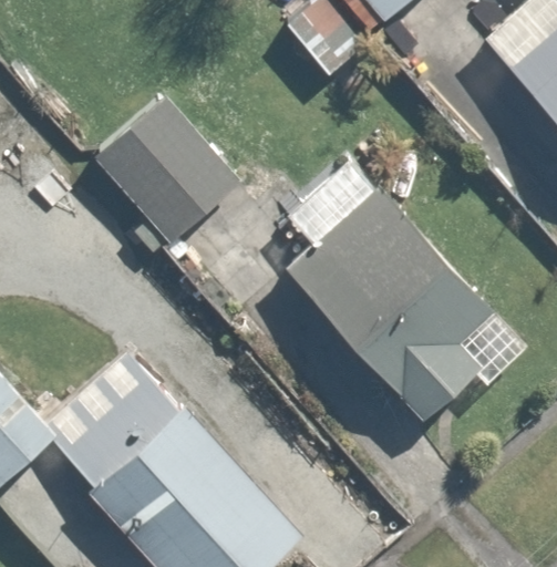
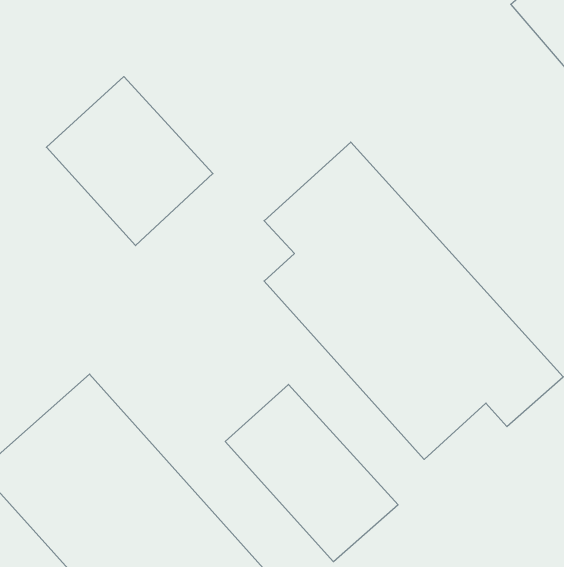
building: none -> [225,384,398,562]

